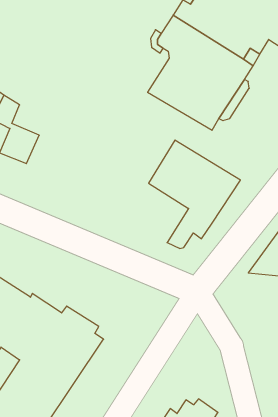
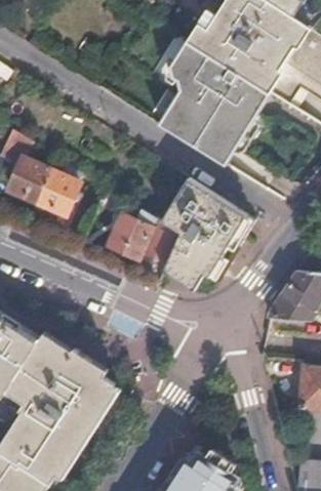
building: none -> [32,156,82,216]
building: none -> [102,200,202,284]

